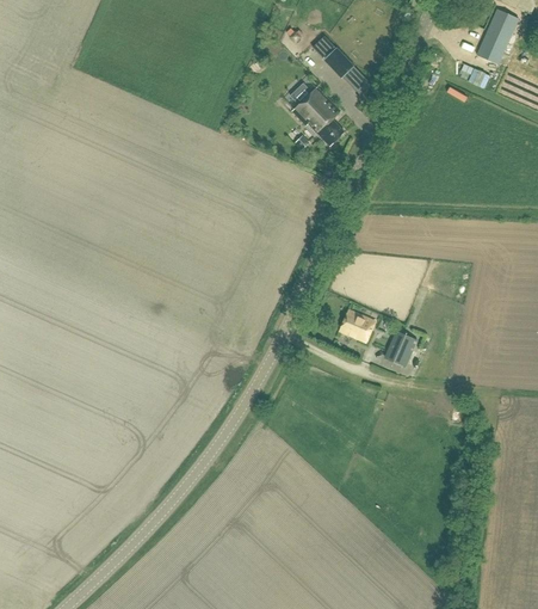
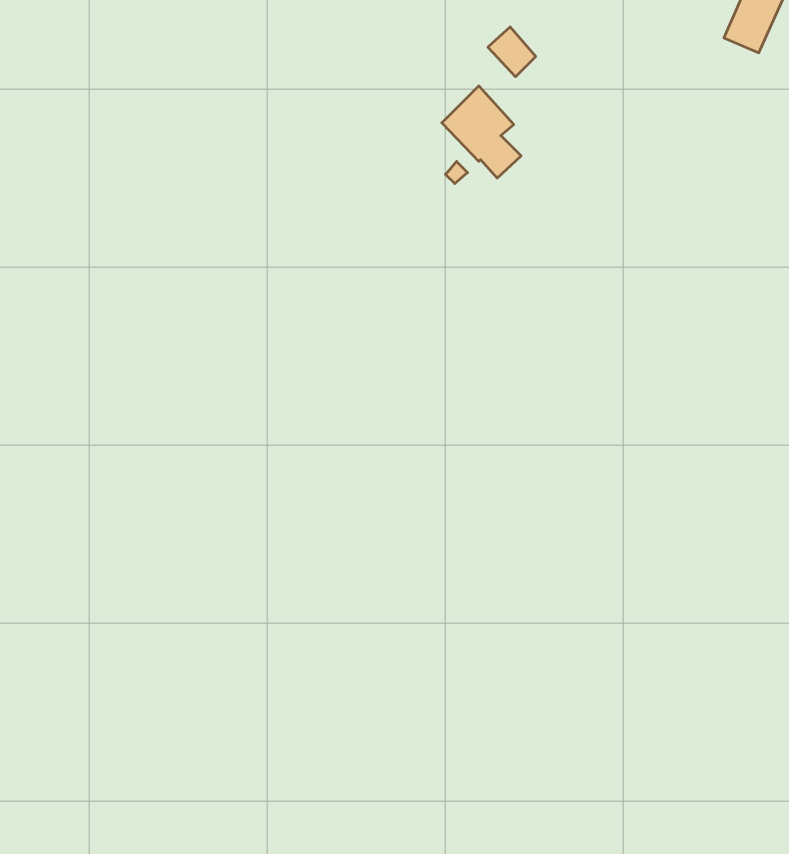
building: [340,309,375,342] -> none
building: [385,331,418,368] -> none

